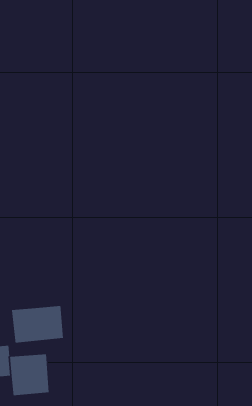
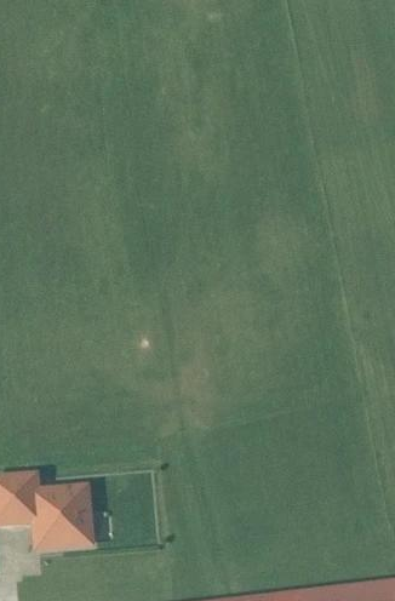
building: [11,305,63,343] -> none

